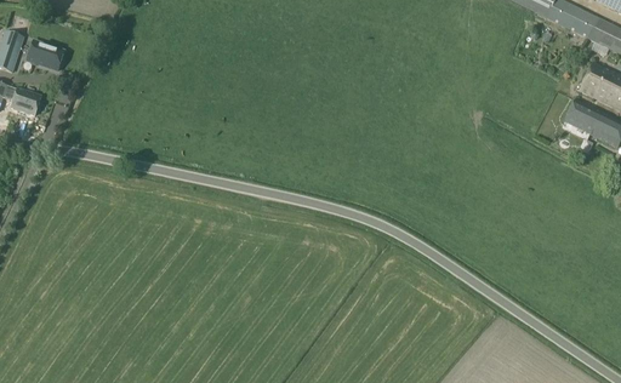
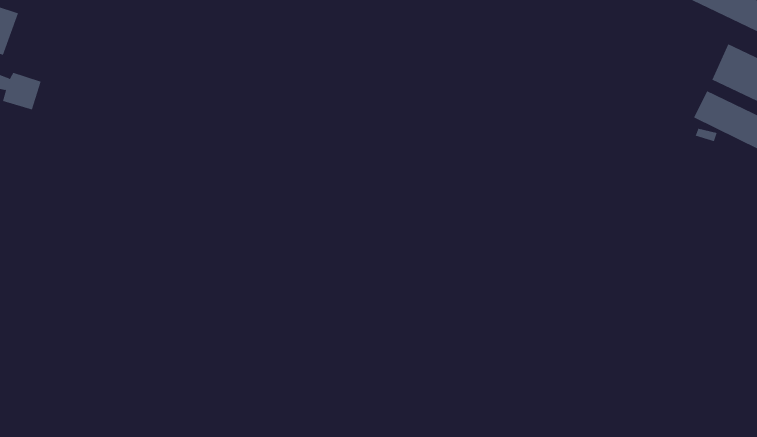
building: [27,40,64,70] -> none

